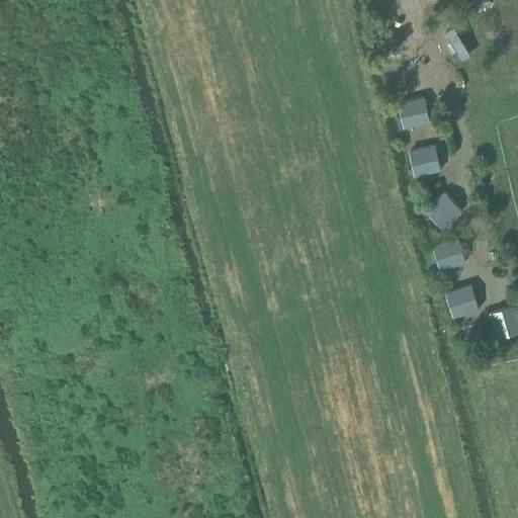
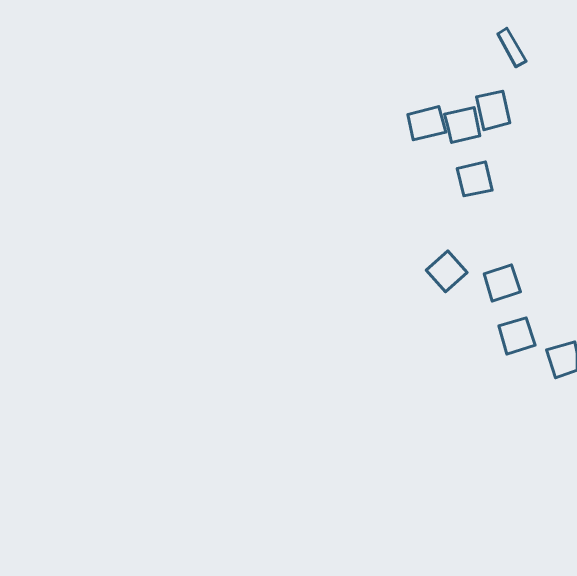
building: none -> [476,91,510,130]
building: none -> [408,107,446,140]
building: [425,193,461,230] -> [426,251,467,292]

